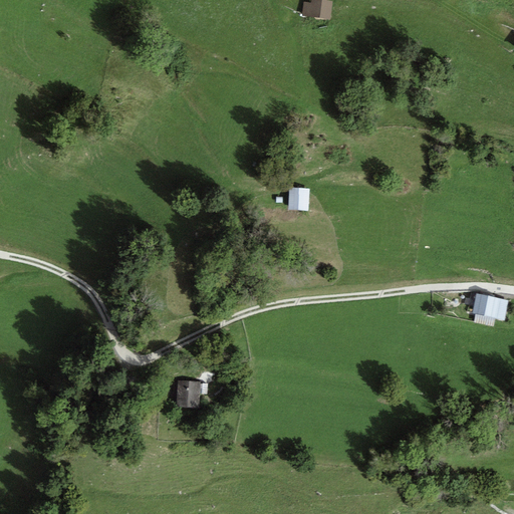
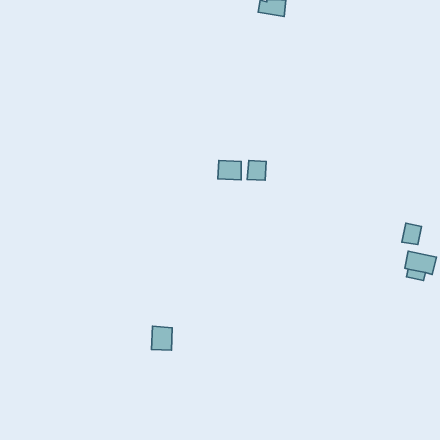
building: none -> [218,160,241,180]
building: none -> [402,223,422,245]

